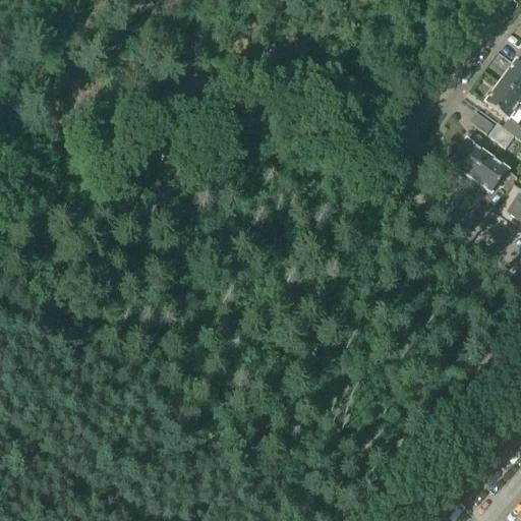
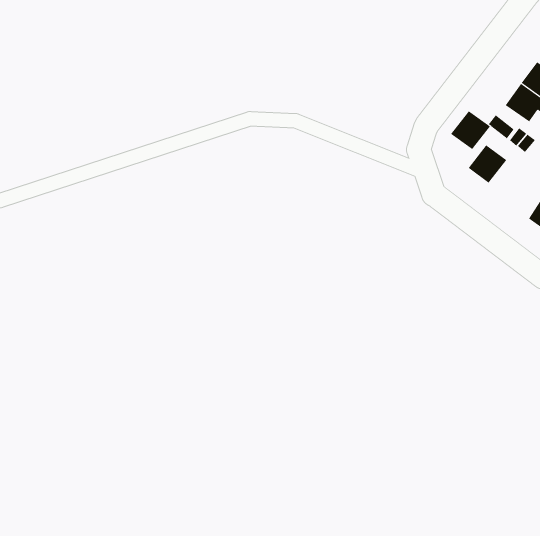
building: [471,154,510,191] -> [450,110,491,150]

